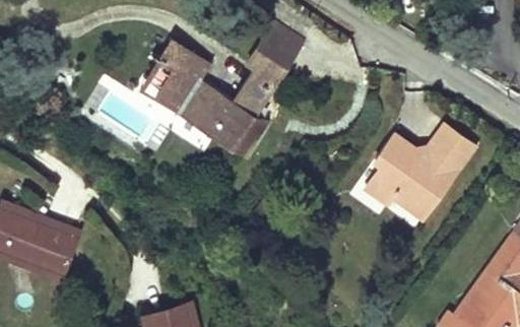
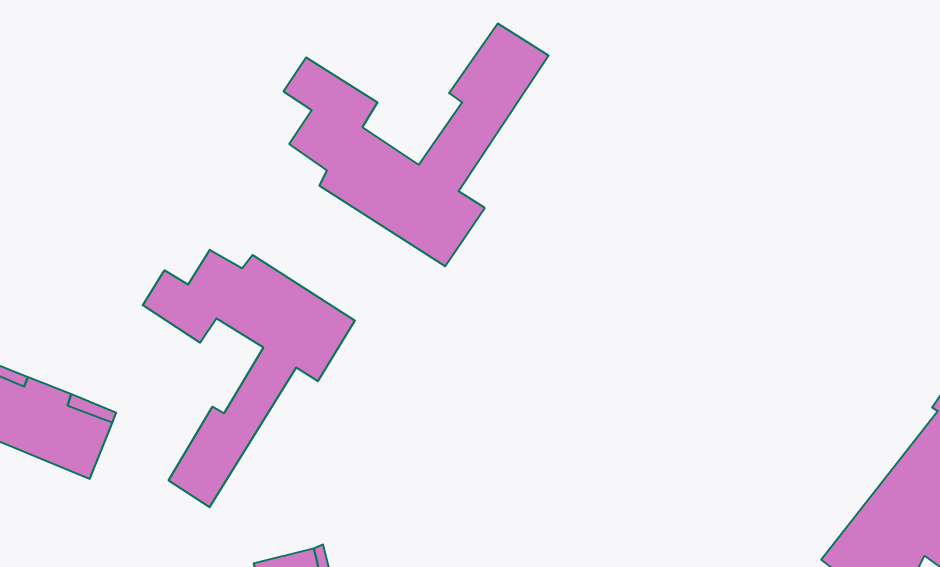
building: [365,124,475,217] -> none
building: none -> [143,250,355,507]

